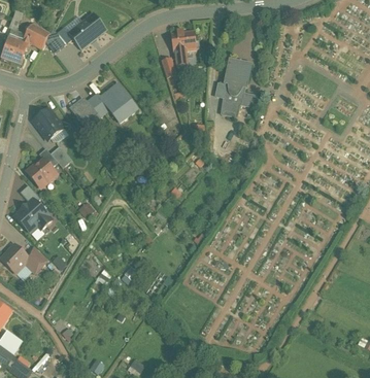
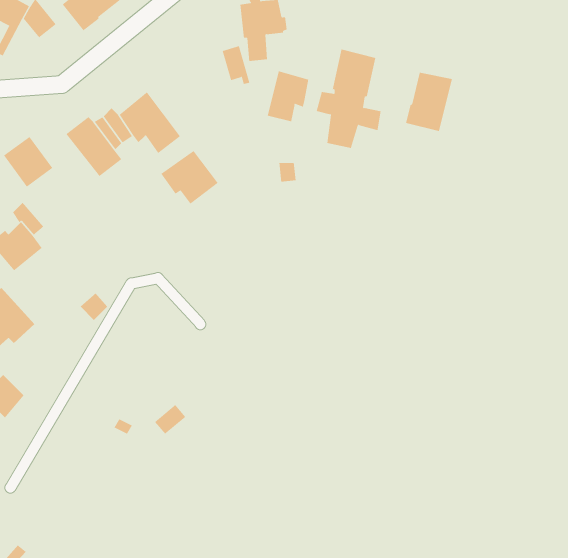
building: none -> [267,71,309,122]
building: none -> [406,72,452,132]
building: none -> [161,150,219,205]

